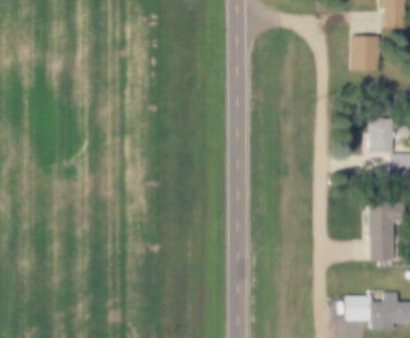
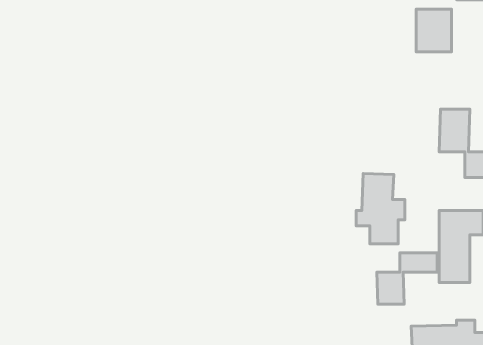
building: none -> [356,173,405,244]
building: none -> [377,253,437,304]

